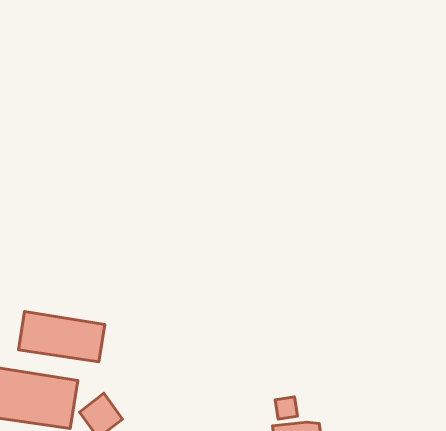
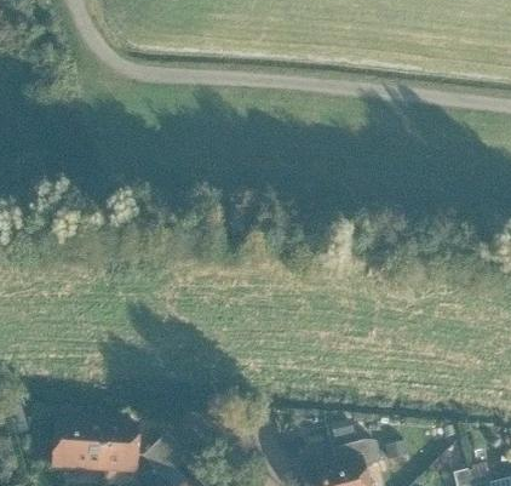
building: [19,312,105,362] -> none

